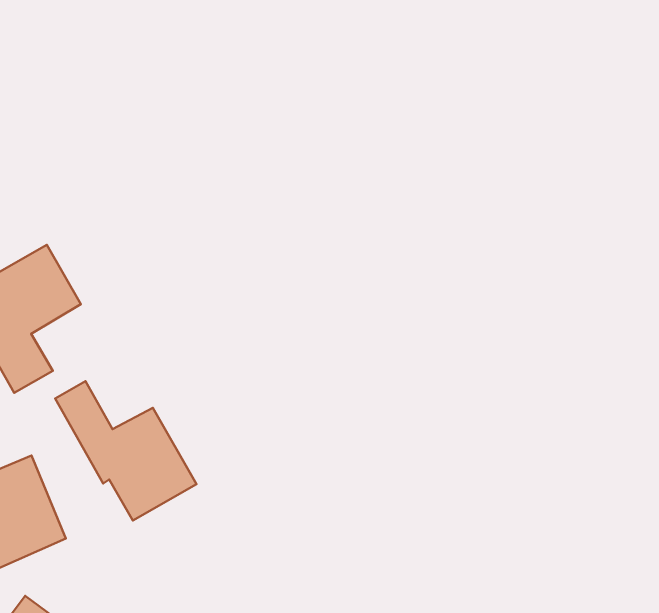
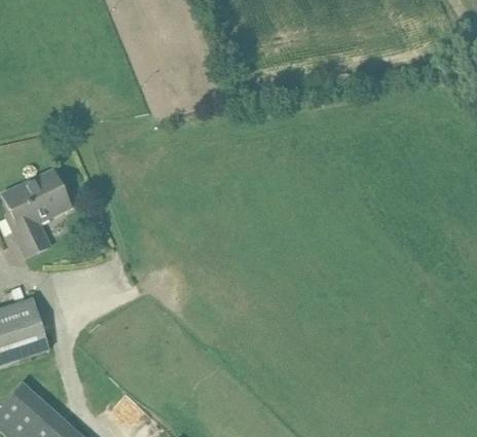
building: [55,381,196,520] -> none

